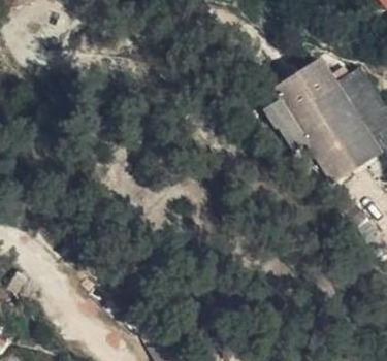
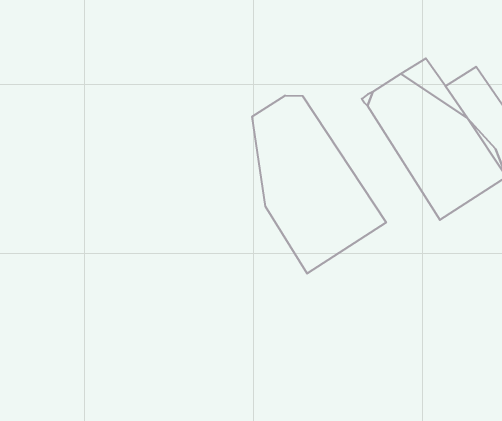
building: none -> [252,95,386,274]

